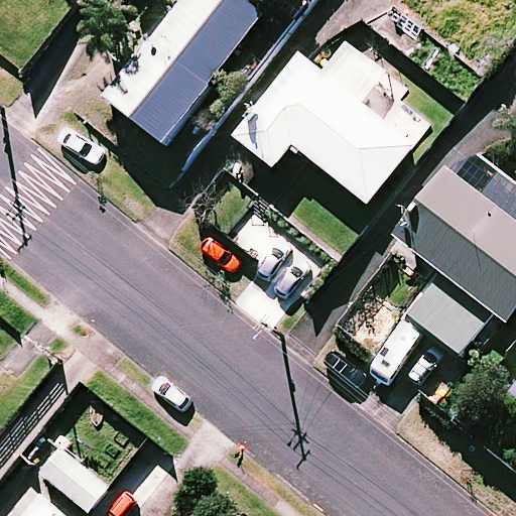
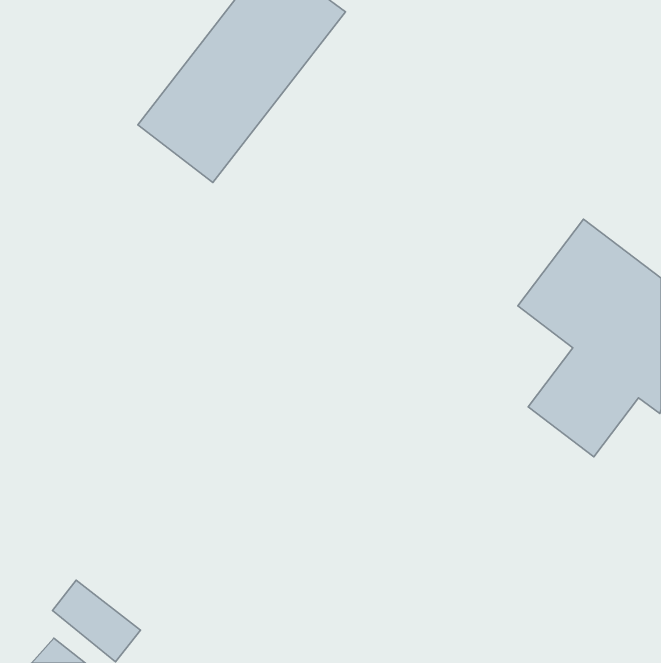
building: [239,40,413,198] -> none

